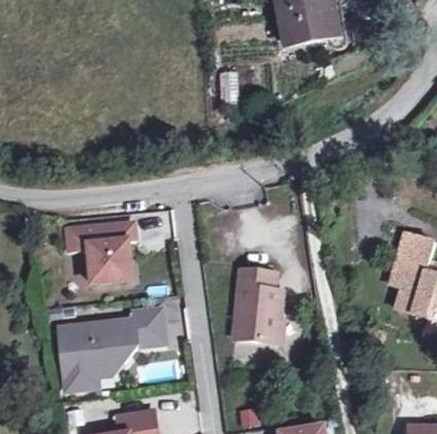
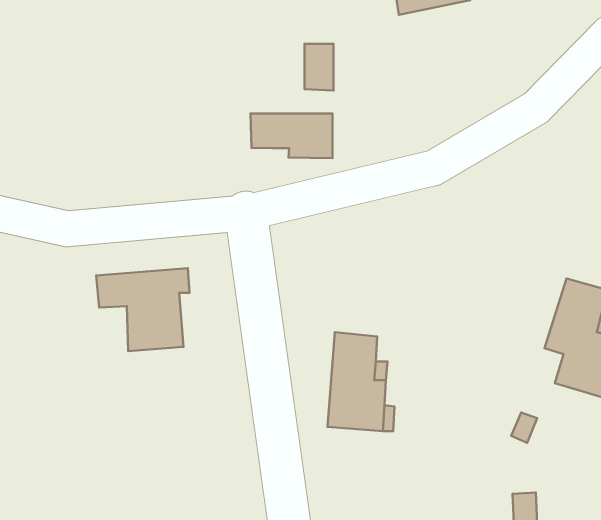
building: none -> [251,114,332,158]
building: [61,309,164,389] -> none

